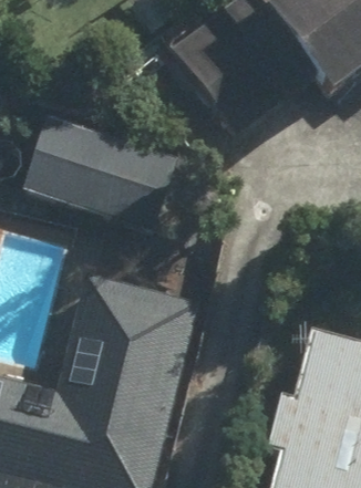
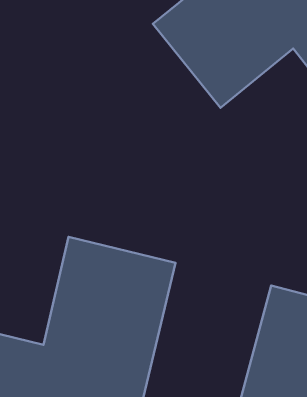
building: [28,115,173,224] -> none

